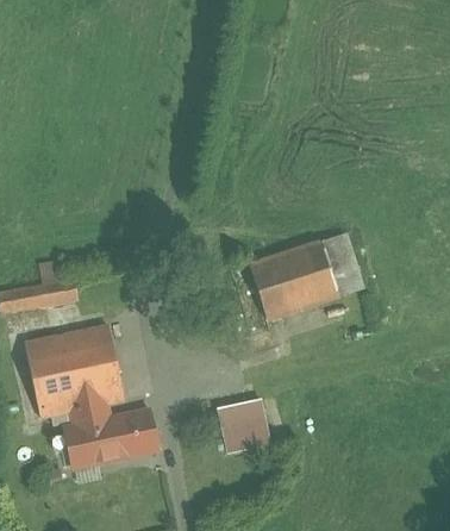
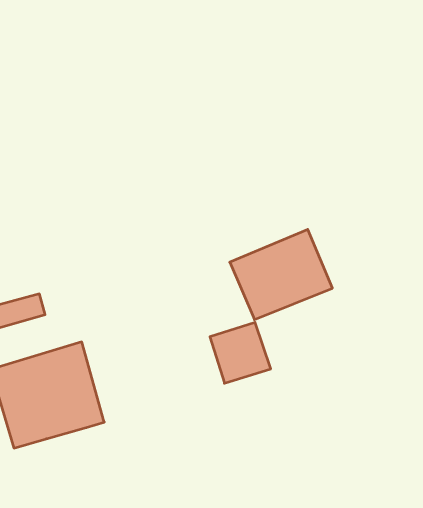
building: [218,398,270,450] -> [210,322,271,383]
building: [64,402,160,467] -> none

